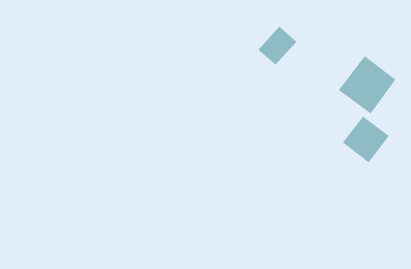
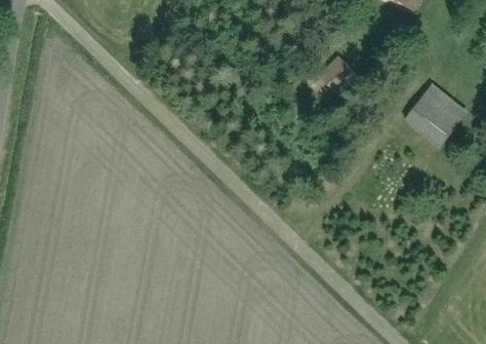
building: [342,116,390,163] -> none

